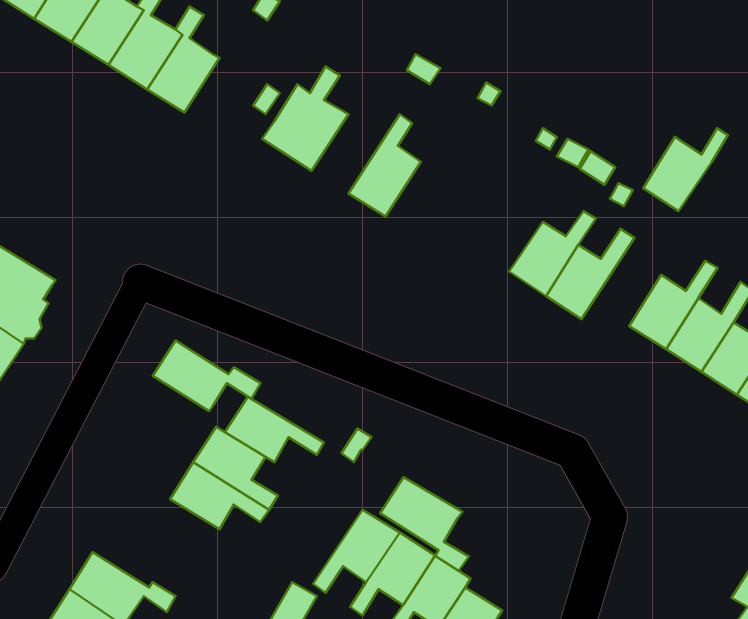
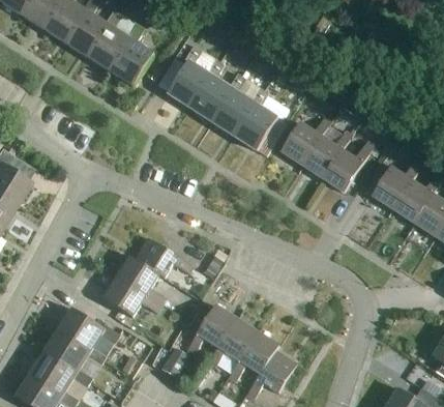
building: none -> [111,24,153,86]
building: none -> [185,59,228,119]
building: [643,128,728,211] -> [280,116,330,165]
building: none -> [229,87,276,150]
building: [153,341,260,411] -> [57,309,120,350]
building: [380,477,469,571] -> none

